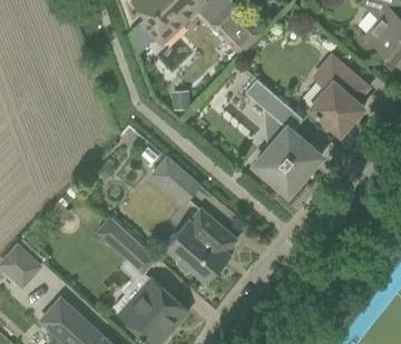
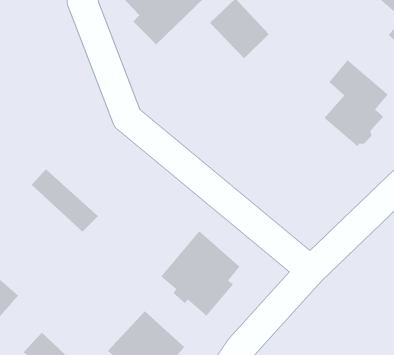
building: [245,79,322,195] -> none
building: [151,157,199,203] -> none
building: [97,217,157,274] -> [31,168,99,233]

